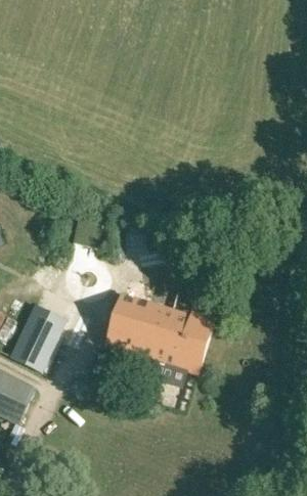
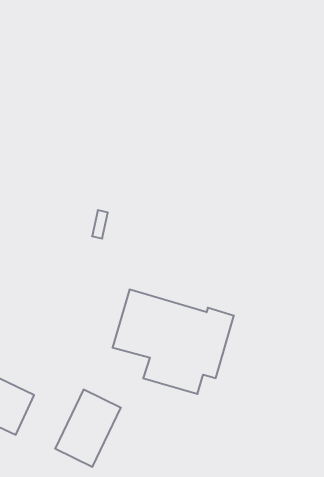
building: [8,303,68,372] -> [55,390,121,467]

